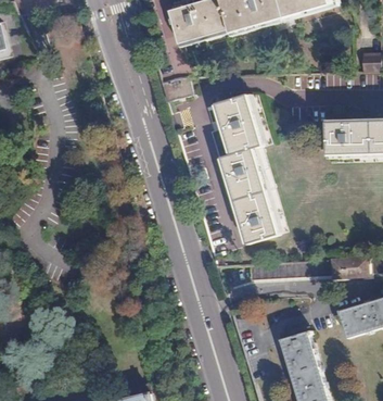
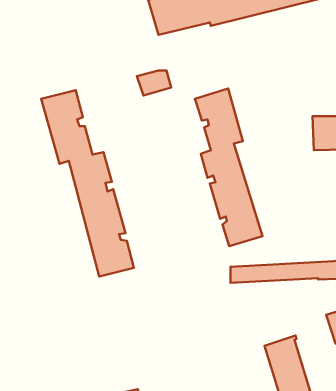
building: none -> [41,90,134,277]

